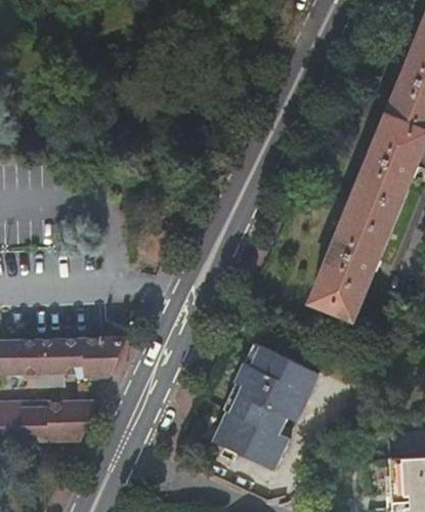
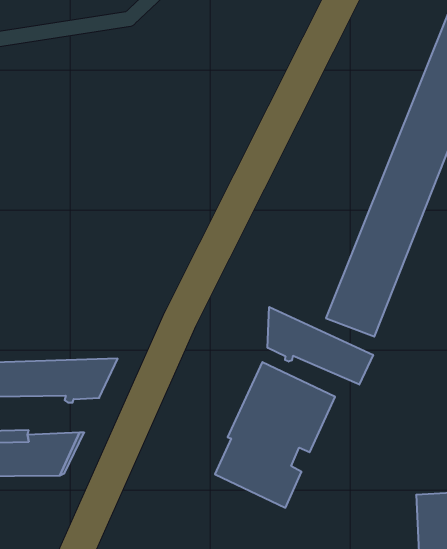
building: none -> [268,307,373,385]

